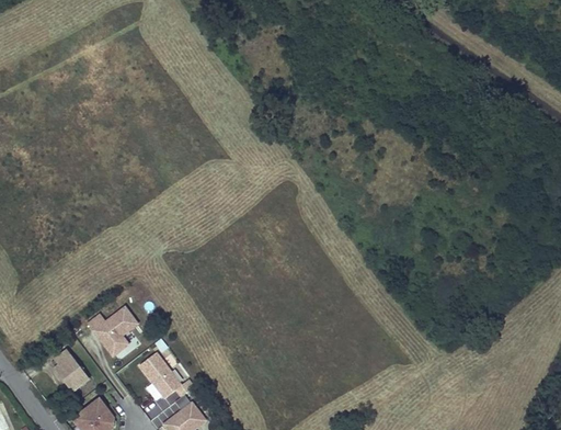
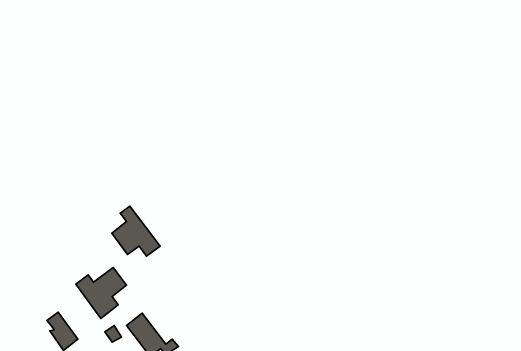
building: none -> [112,206,160,256]

